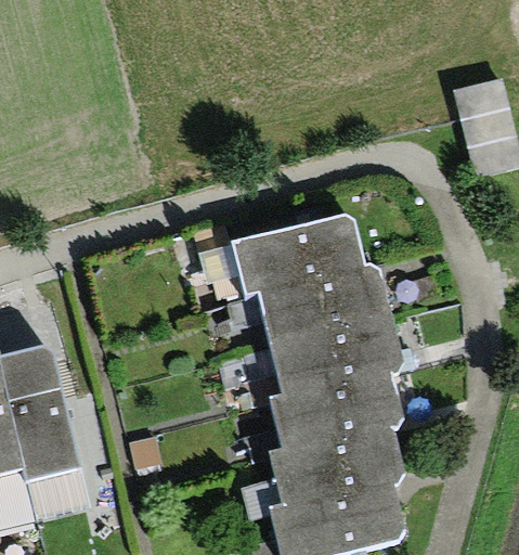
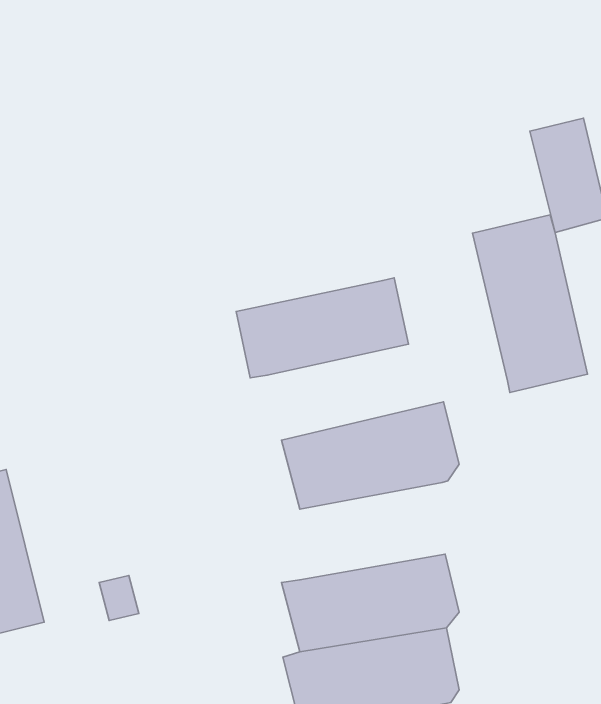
building: none -> [472,215,587,392]
building: [256,261,391,338] -> none
building: [269,371,402,446] -> none

